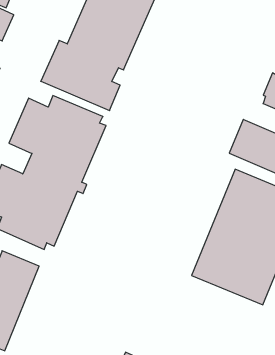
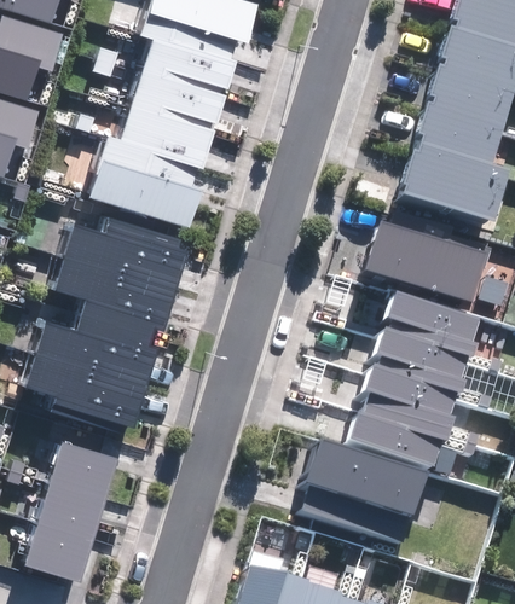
building: none -> [295,443,426,545]

